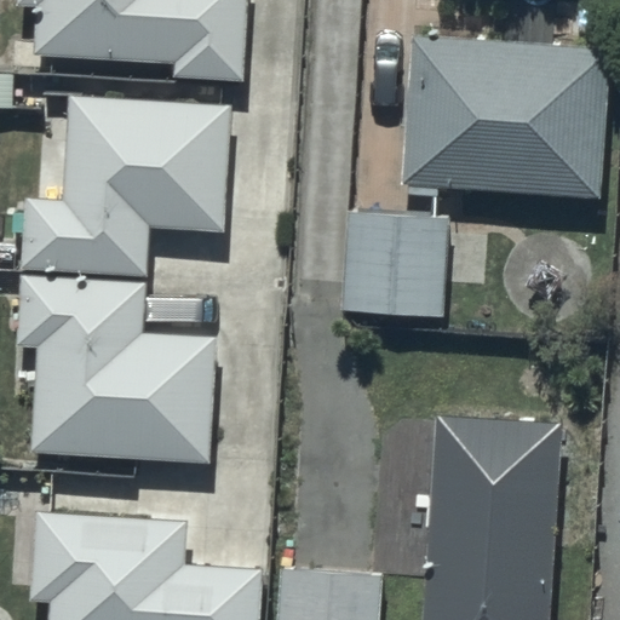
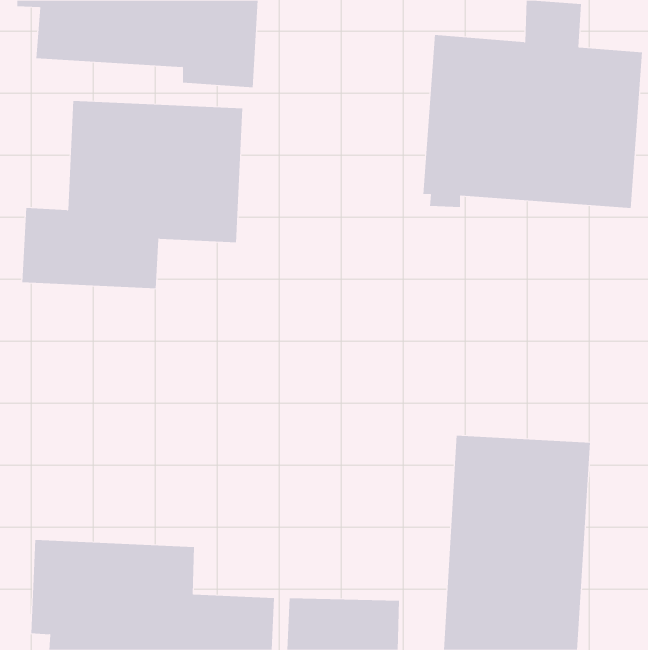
building: [340,212,449,320] -> none
building: [16,275,214,461] -> none

